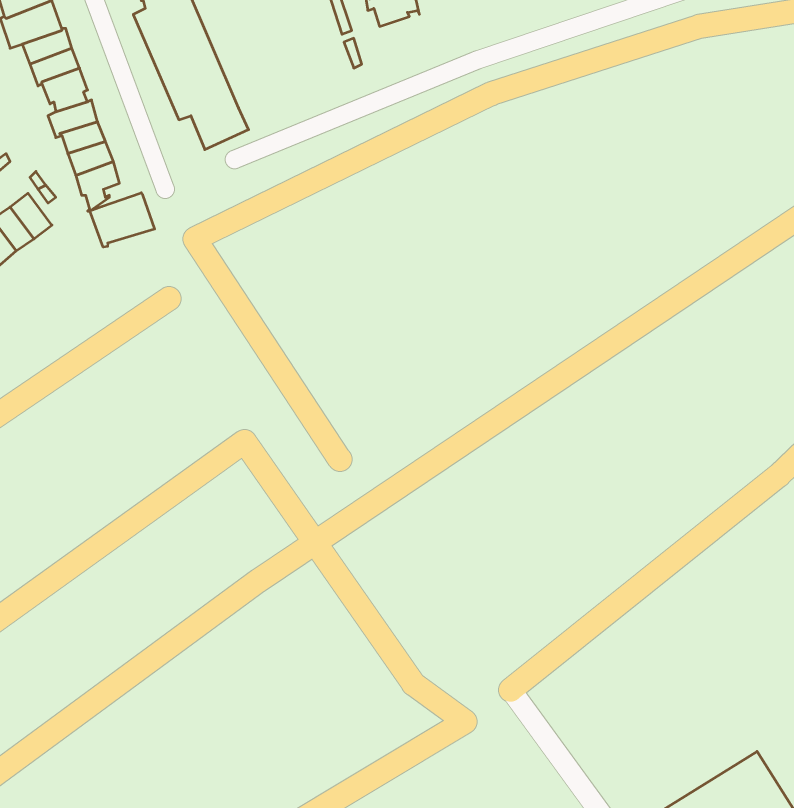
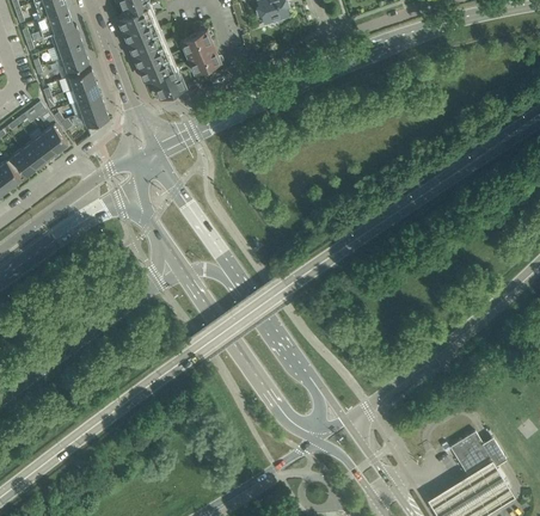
building: none -> [180,29,221,74]
building: [90,193,155,247] -> none
building: none -> [450,432,505,472]

